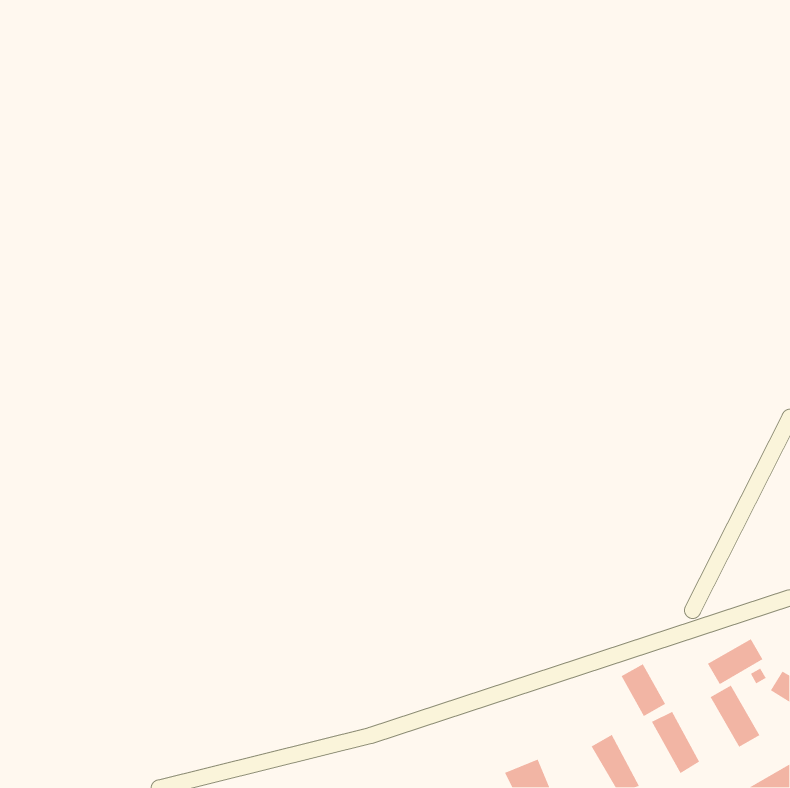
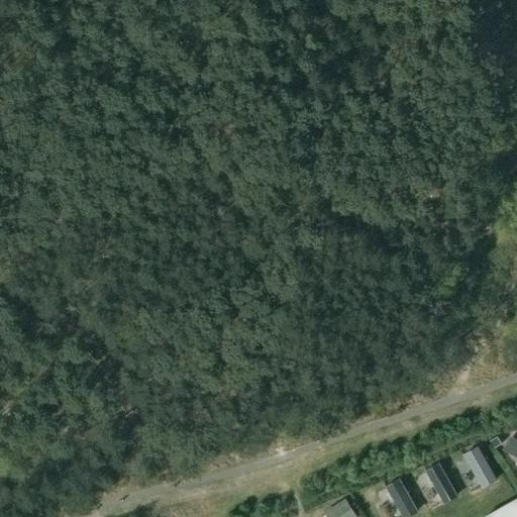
building: [707,638,764,685] -> none
building: [620,663,666,717] -> none

